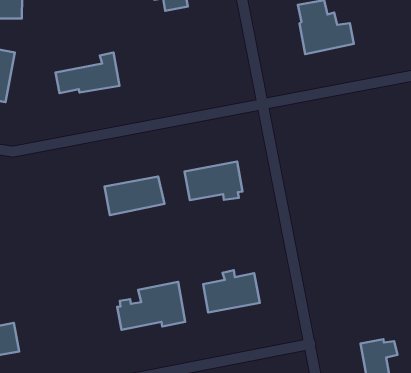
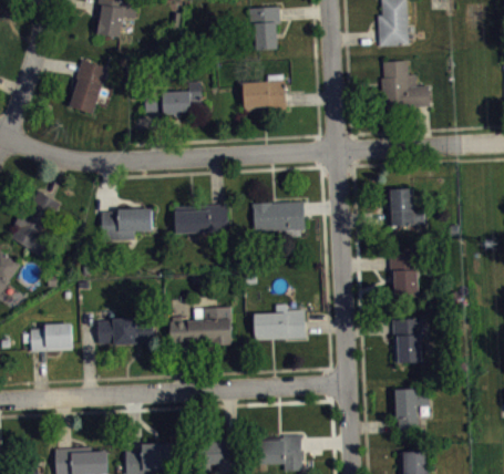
building: none -> [244,74,287,112]
building: none -> [387,188,424,226]
building: none -> [100,209,152,240]
building: none -> [390,253,419,298]
building: none -> [392,319,422,364]
building: none -> [97,318,154,346]

